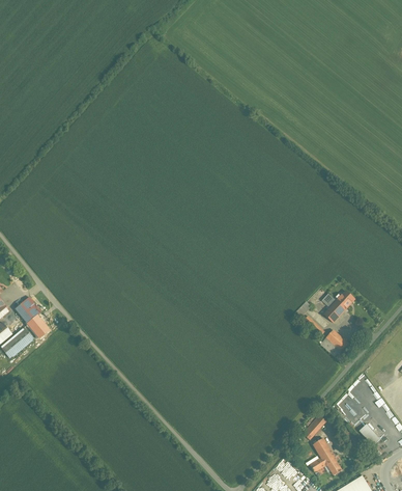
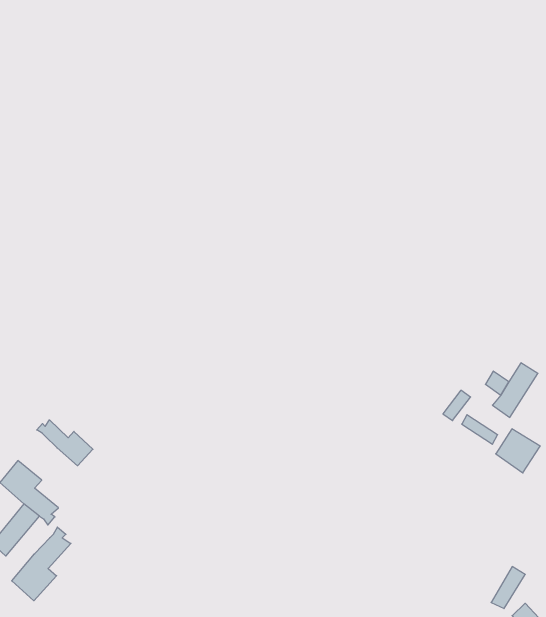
building: none -> [37,420,93,466]
building: none -> [12,527,71,601]

